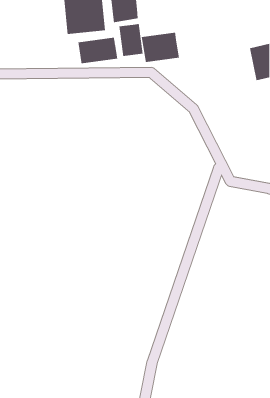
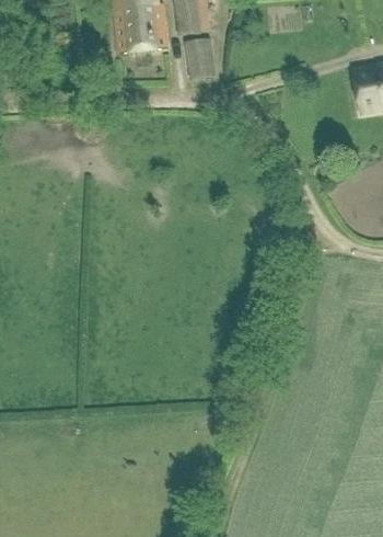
building: [141,32,179,63] -> none
building: [78,37,118,64] -> none

